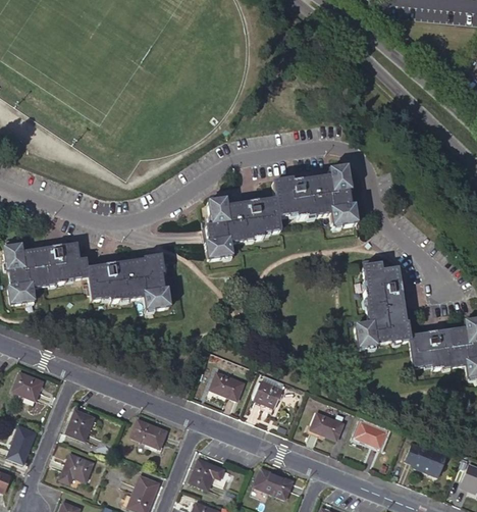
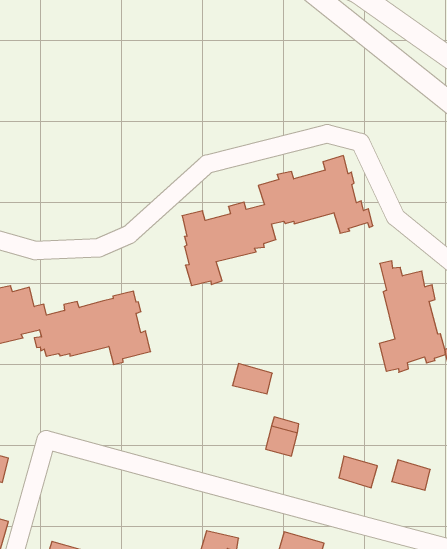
building: [210,372,244,400] -> [232,364,272,394]
building: [66,410,92,440] -> none
building: [130,419,167,449] -> none

